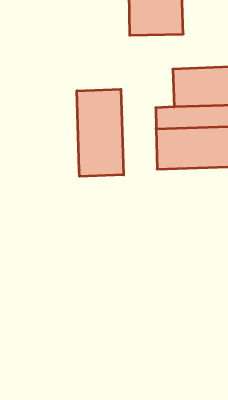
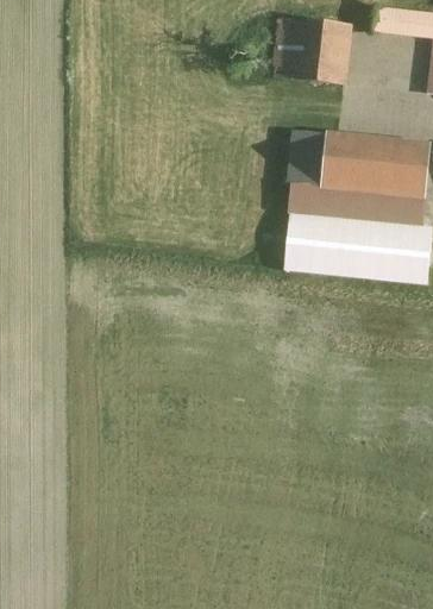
building: none -> [293,127,324,184]
building: [77,89,124,176] -> none

